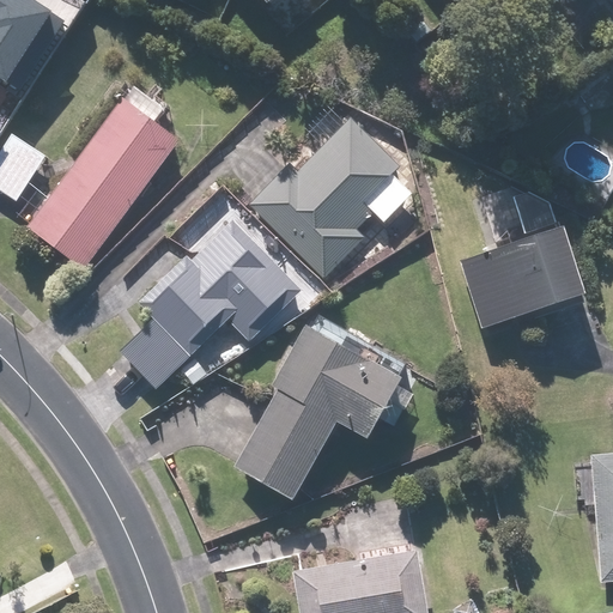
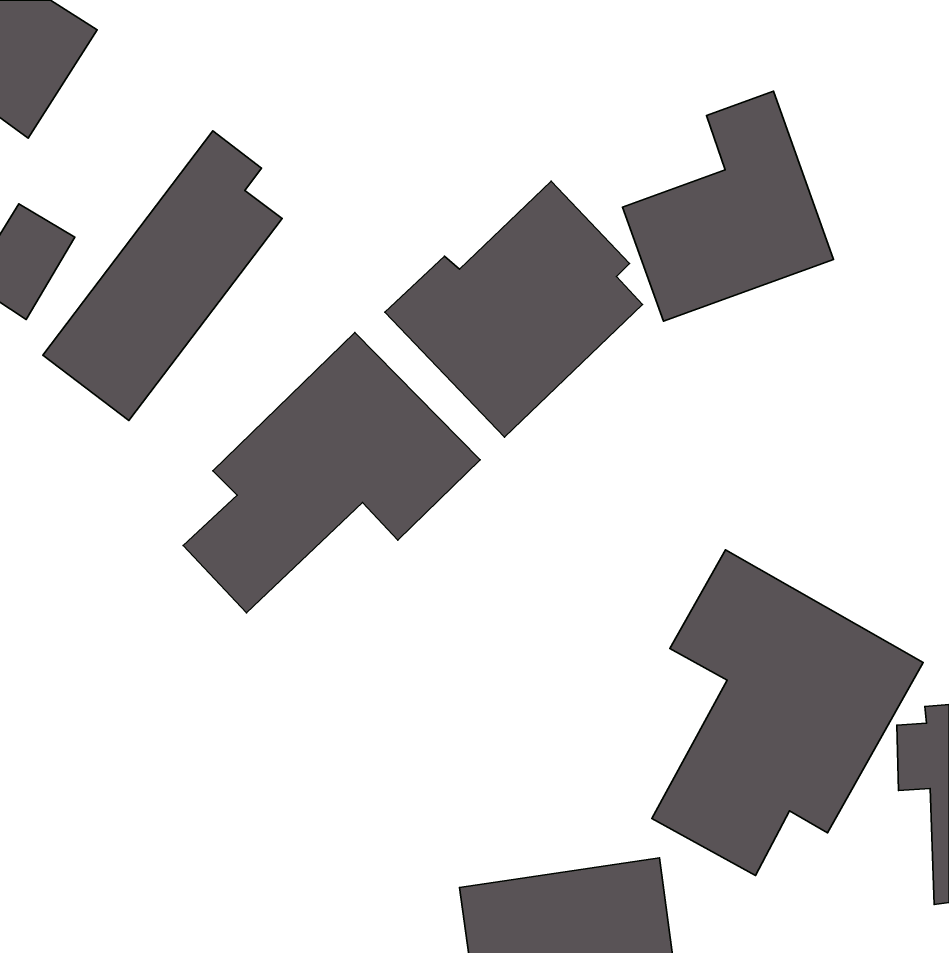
building: [455,184,590,332] -> [622,91,833,321]
building: [233,314,408,499] -> none
building: none -> [652,550,923,875]

